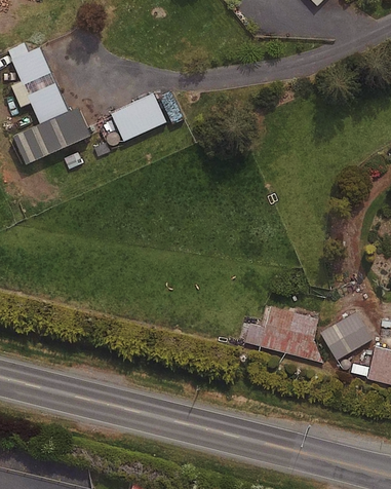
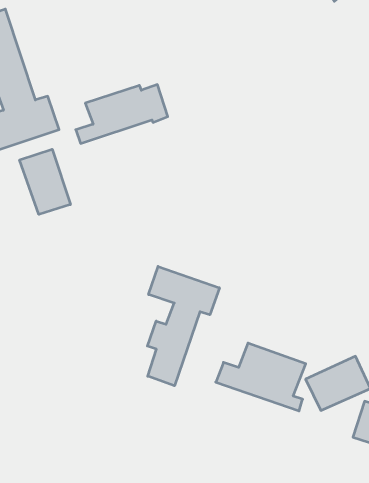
building: none -> [20,149,70,214]
building: none -> [147,266,219,386]

